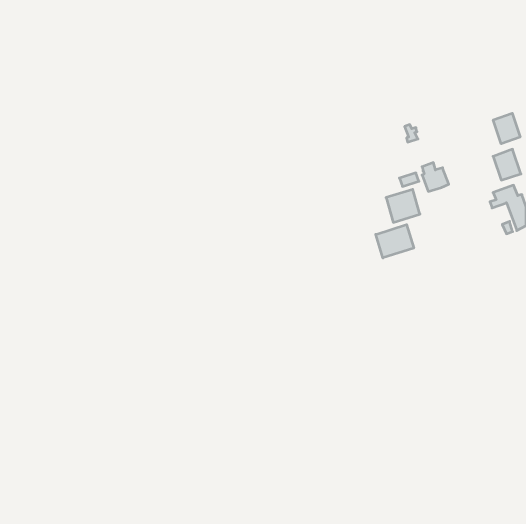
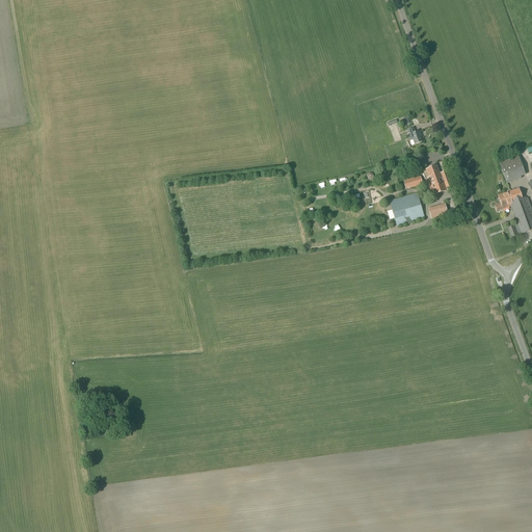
building: [493,113,520,144] -> none
building: [376,225,414,258] -> none

